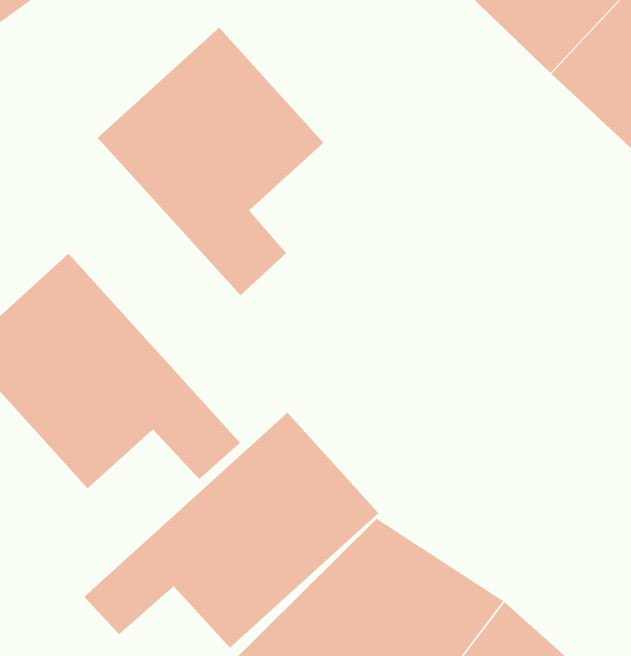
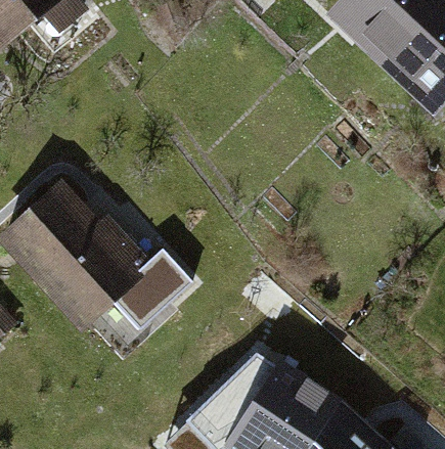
building: [97,27,324,296] -> none
building: [84,412,379,648] -> none

